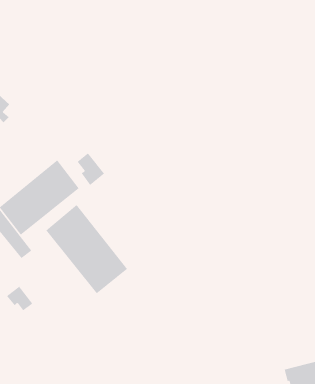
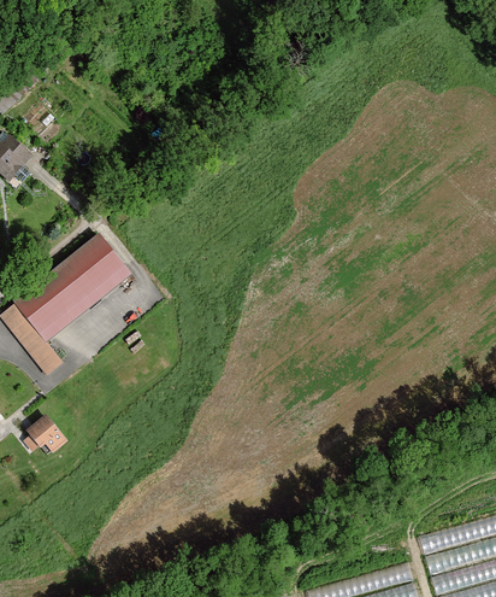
building: [77,153,105,186] -> none
building: [46,204,128,294] -> none

